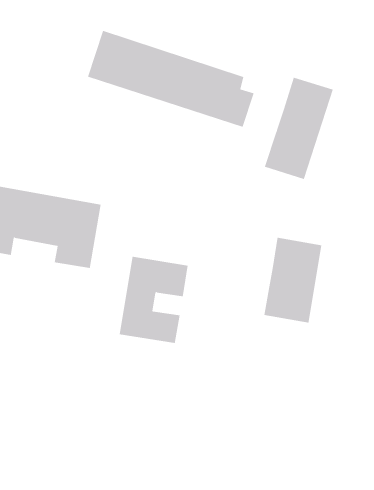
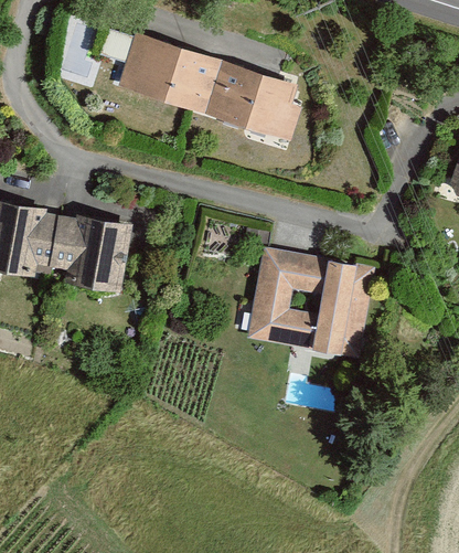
building: [264,77,334,180] -> none
building: [119,256,189,343] -> [248,249,324,344]

